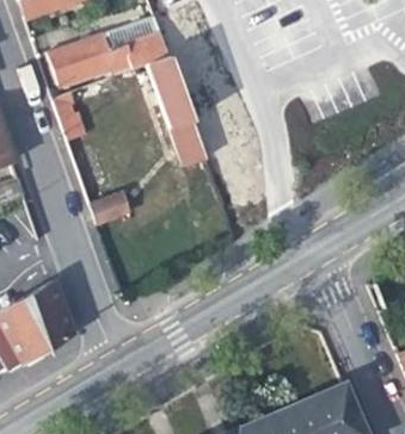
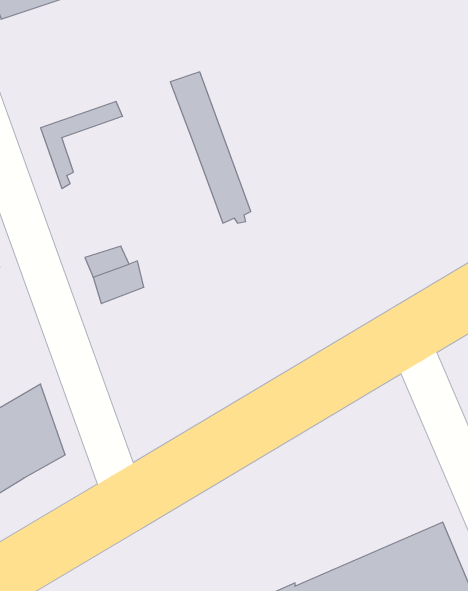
building: [49,16,170,85] -> none

